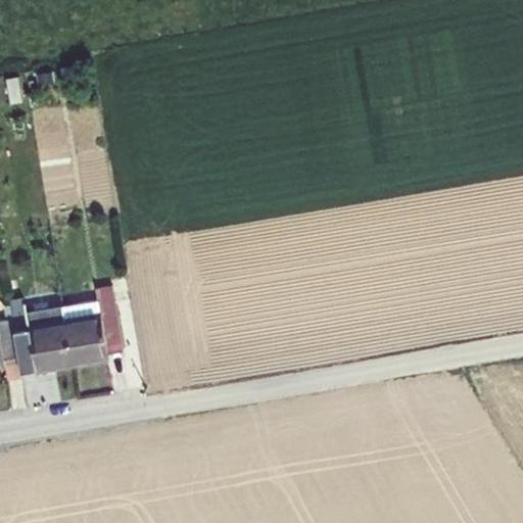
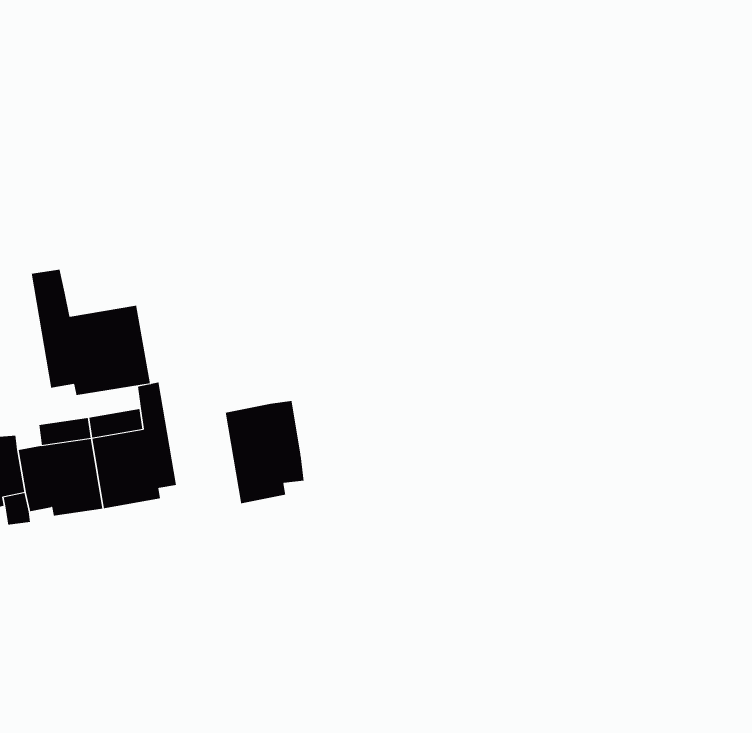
building: none -> [31,269,151,396]
building: none -> [225,400,304,504]

